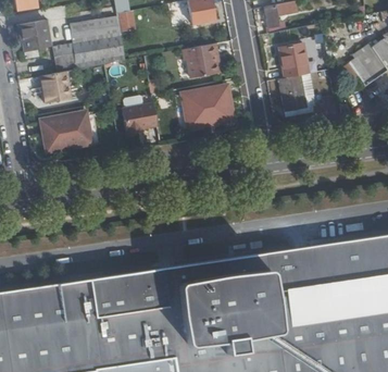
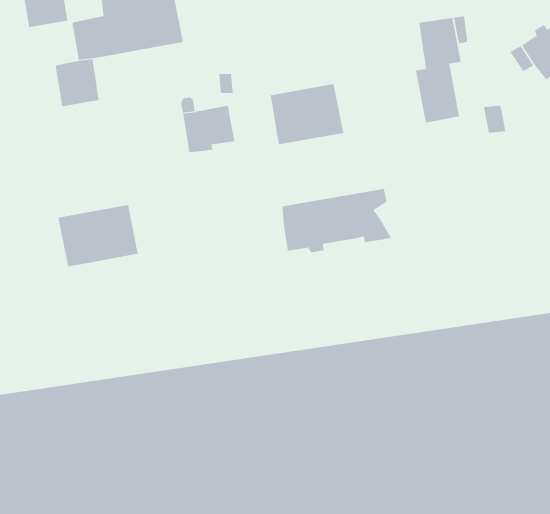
building: [184,42,221,77] -> none
building: [36,113,89,154] -> [58,204,139,267]
building: none -> [282,188,392,253]

